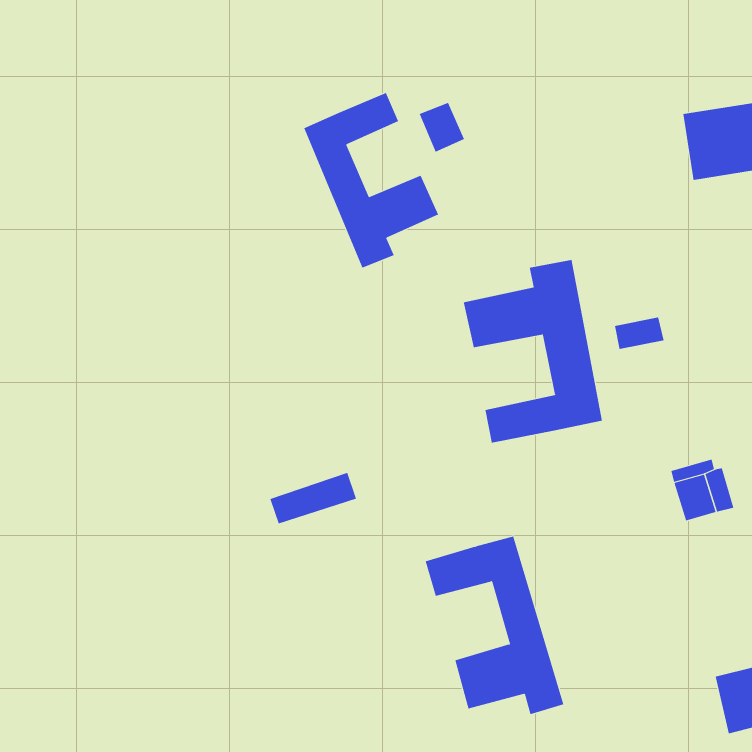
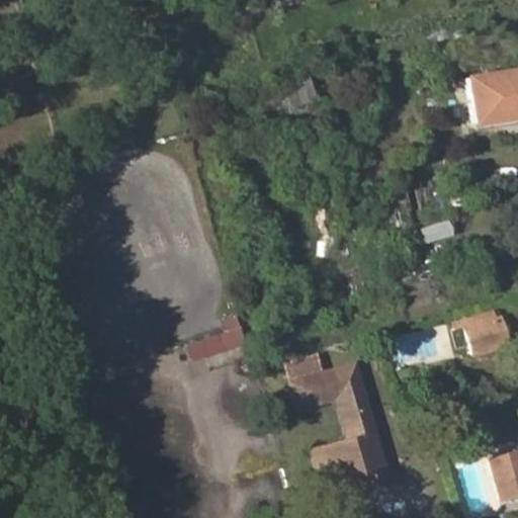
building: [303,92,439,269] -> none
building: [463,259,603,444] -> none
building: none -> [286,350,328,383]

